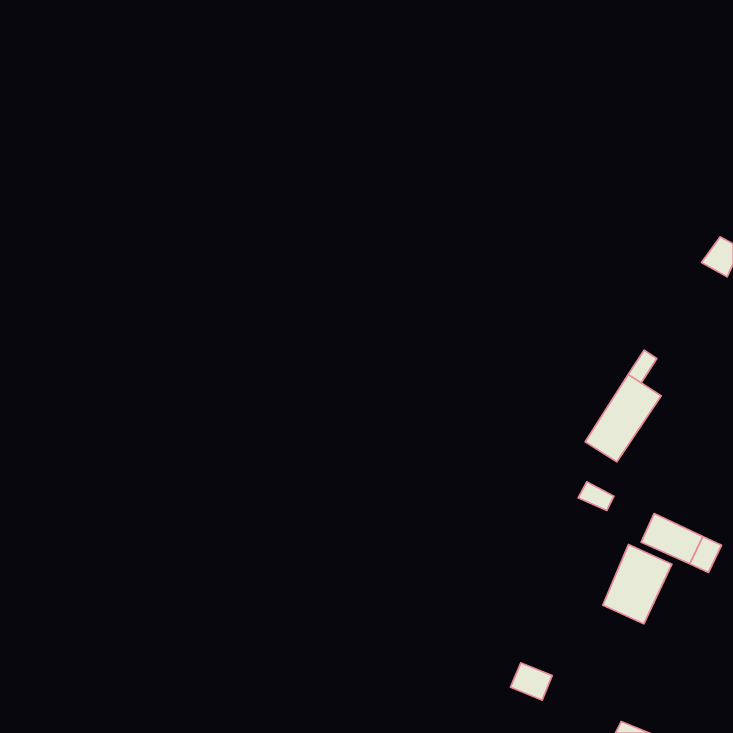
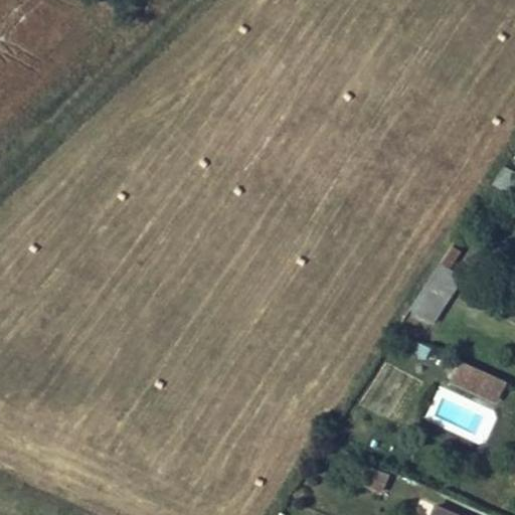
building: [603,545,672,624] -> none

